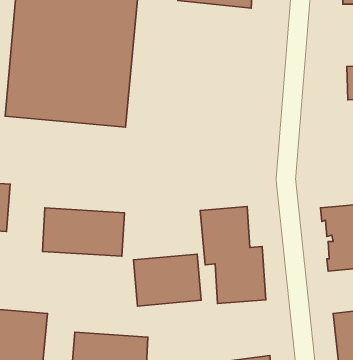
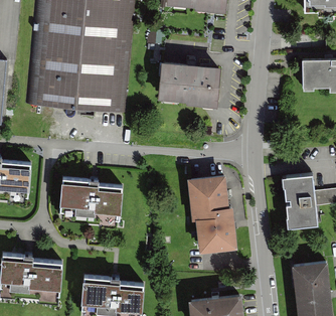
building: none -> [157,63,219,107]
building: [133,254,201,306] -> none

